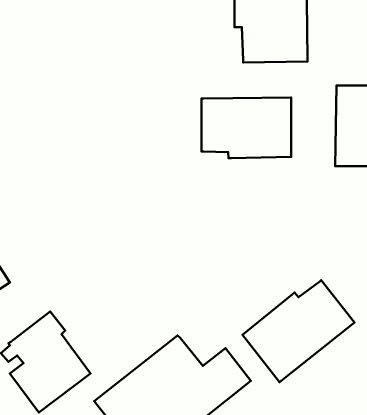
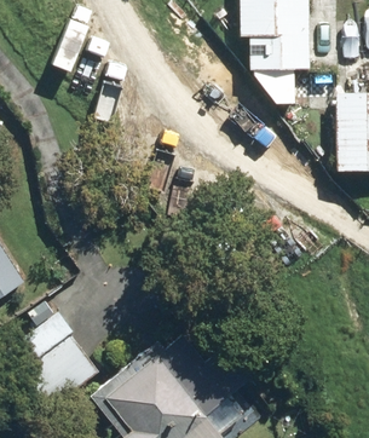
building: [201,98,291,158] -> none
building: [242,280,354,382] -> none

